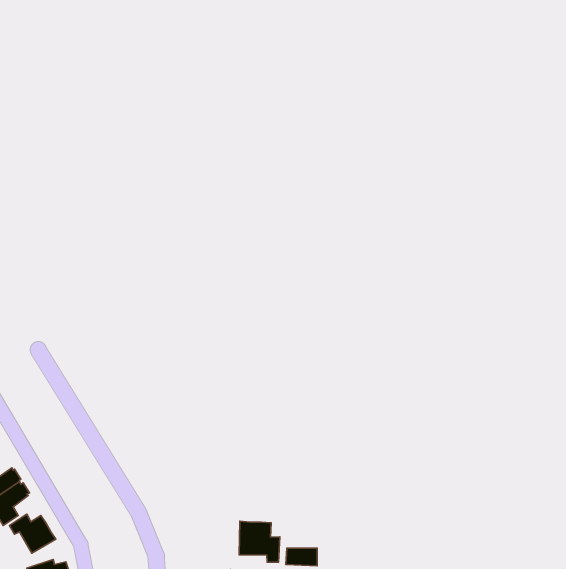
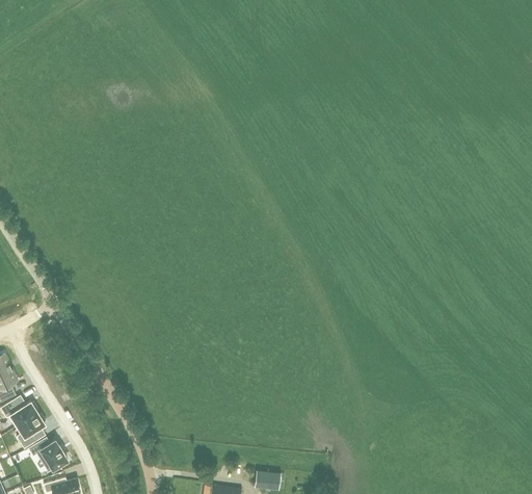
building: [239,521,280,562] -> none

